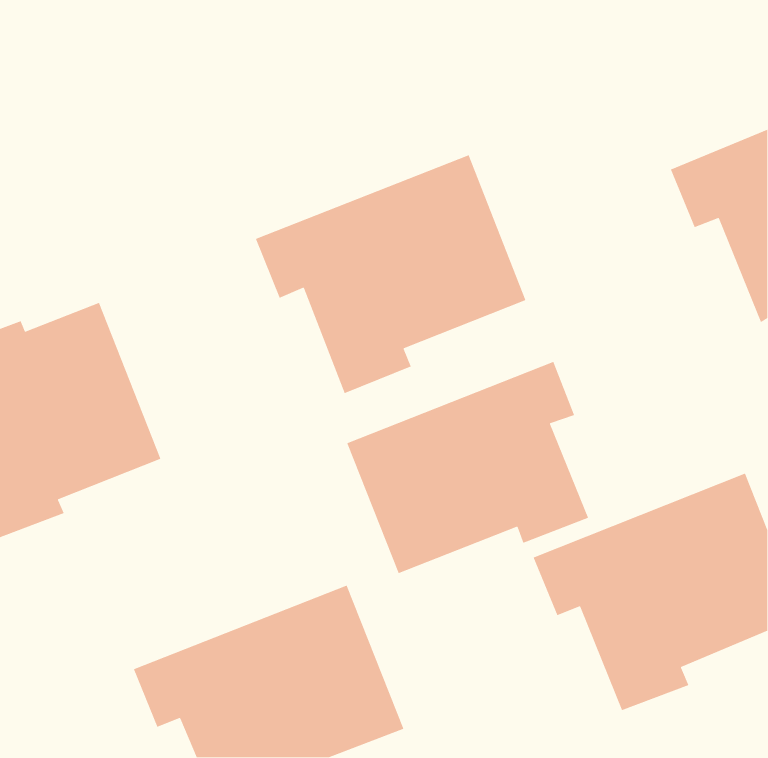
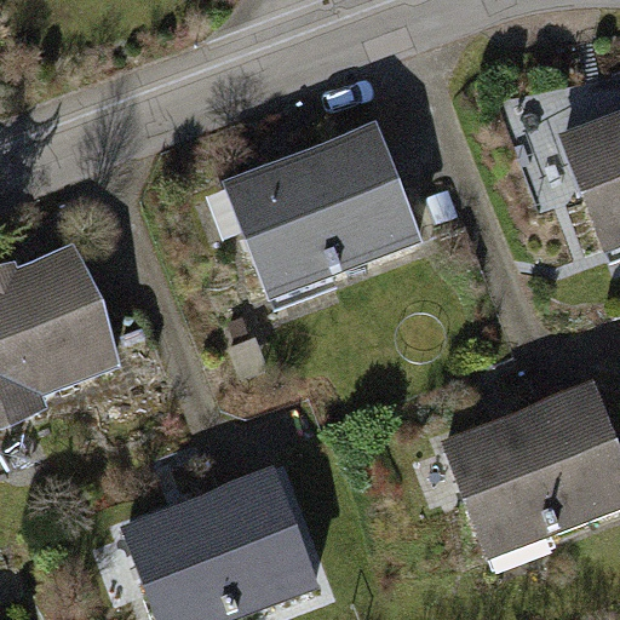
building: [346,361,589,574] -> none

